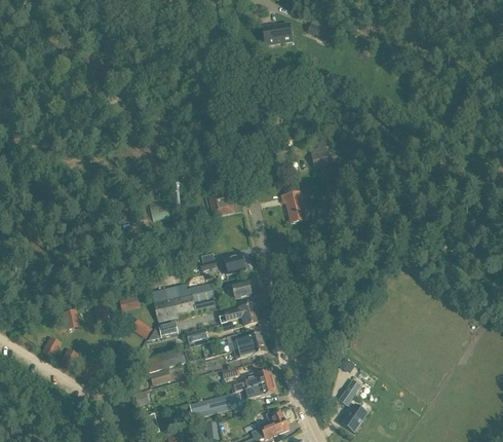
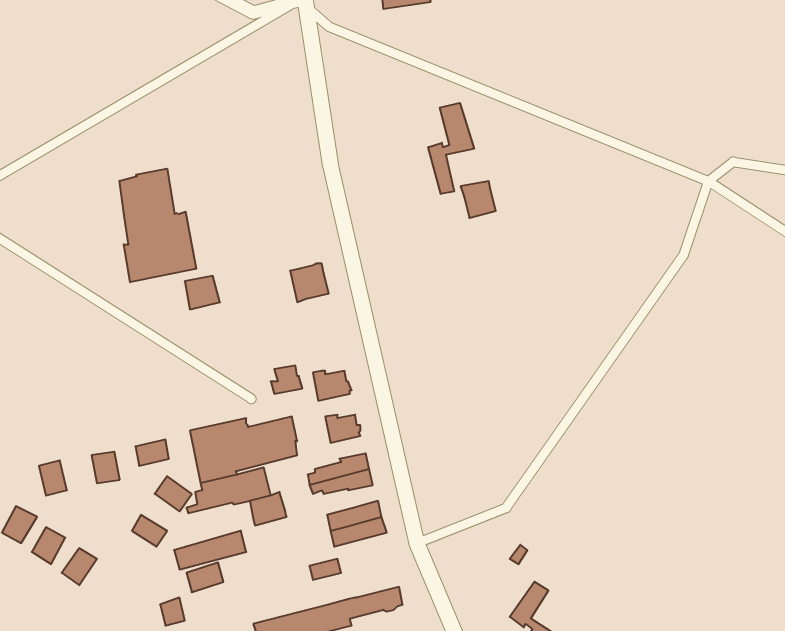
building: none -> [428,103,474,194]
building: none -> [120,169,196,282]
building: [281,190,305,221] -> none
building: [231,370,274,392] -> none

